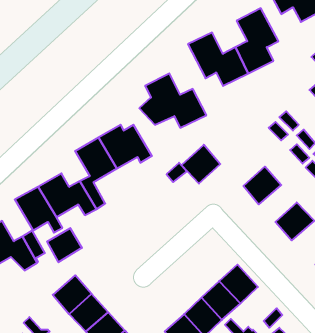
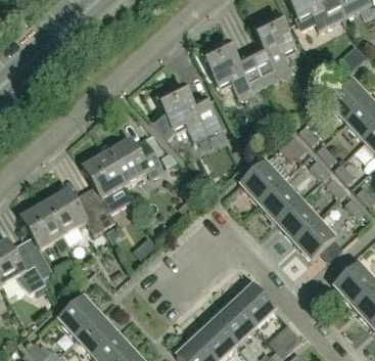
building: [181,145,220,184] -> [241,161,282,201]
building: none -> [276,200,316,239]
building: [47,228,82,262] -> none

